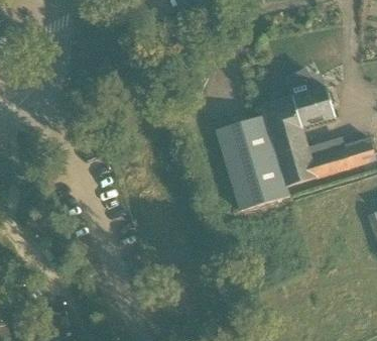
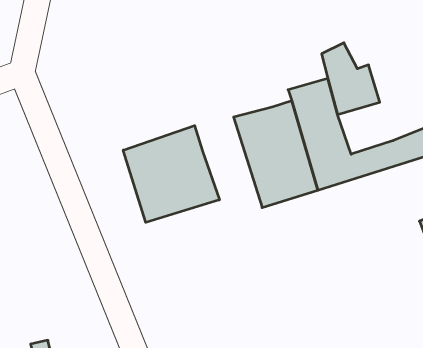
building: none -> [123,126,219,222]

